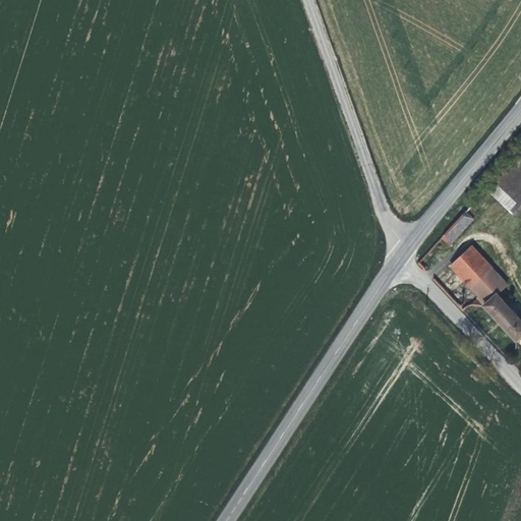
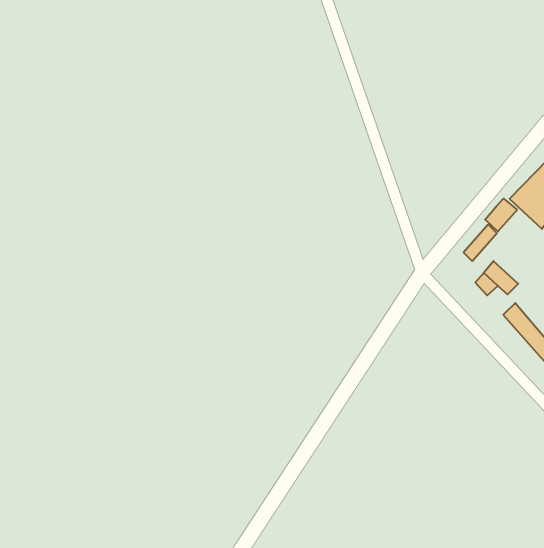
building: none -> [485,199,517,232]
building: [466,270,504,298] -> none

